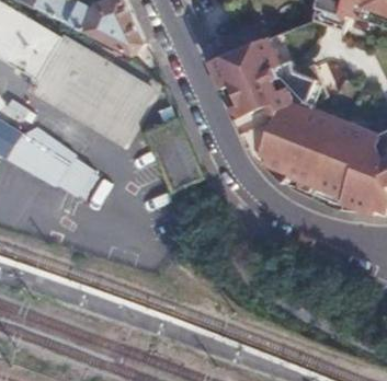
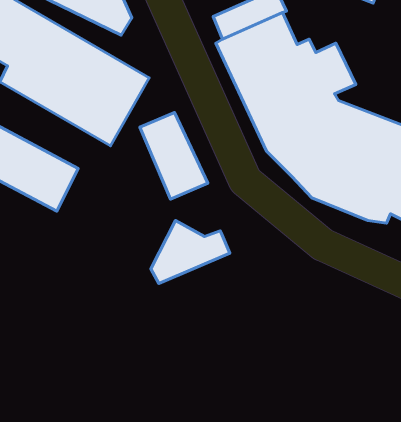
building: none -> [151,221,230,283]

